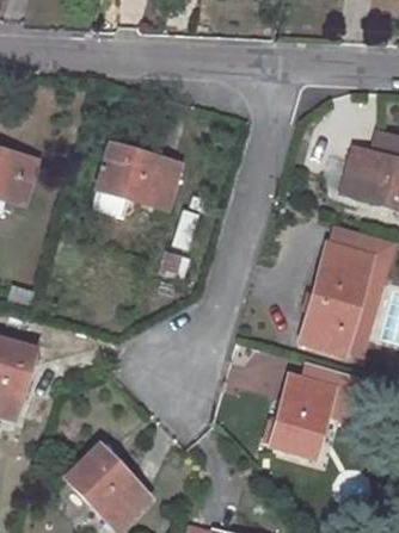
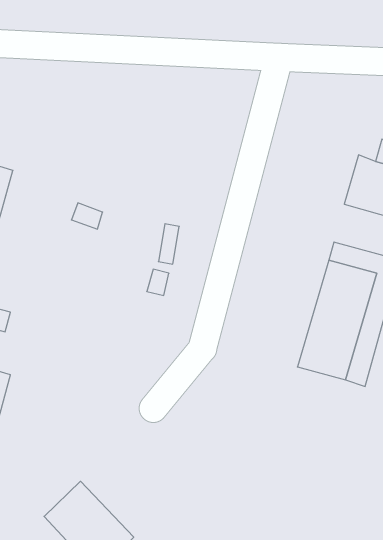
building: [97,144,179,209] -> none
building: [270,374,333,457] -> none

